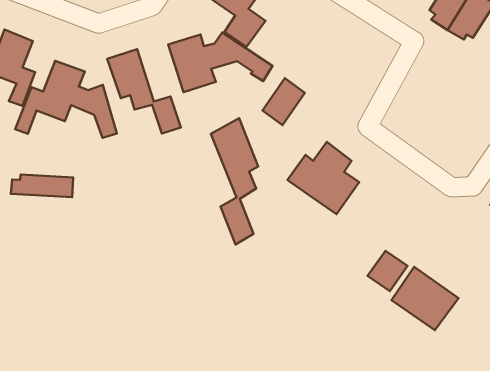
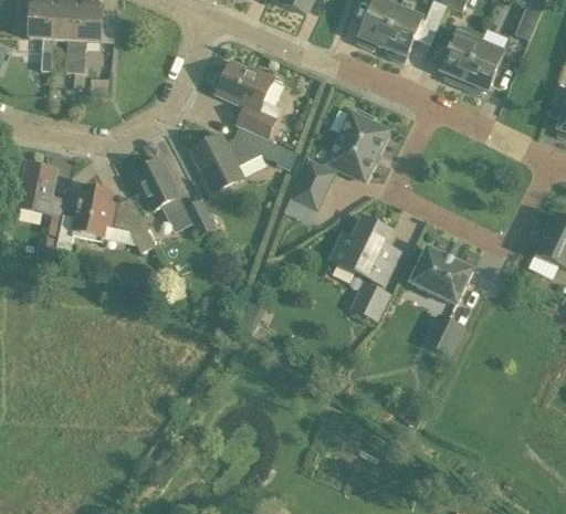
building: none -> [327,108,388,180]
building: [211,118,258,244] -> none
building: [11,175,73,197] -> none
building: none -> [353,282,388,317]
building: [392,267,458,330] -> [409,245,474,304]

